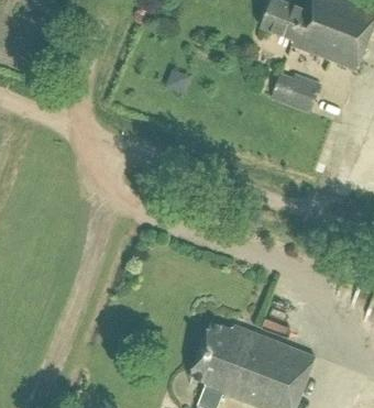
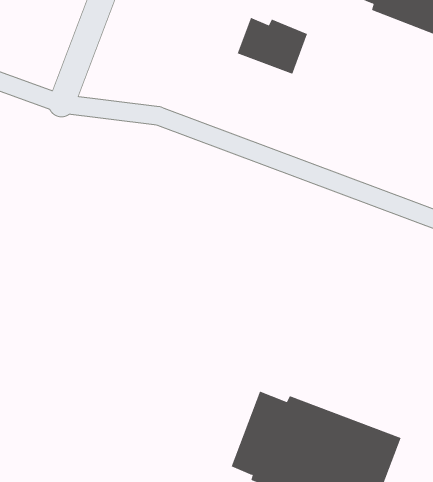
building: [271,74,322,115] -> [237,17,308,75]

